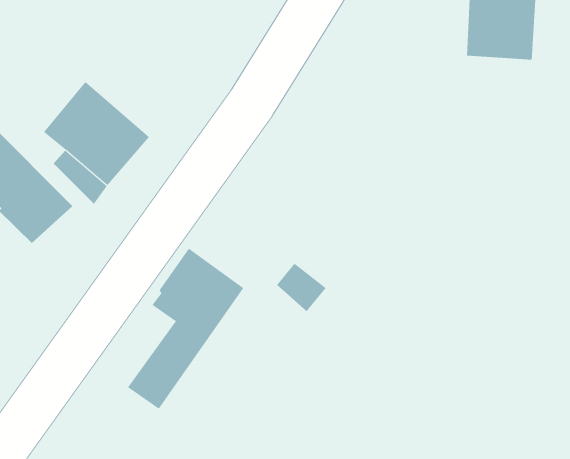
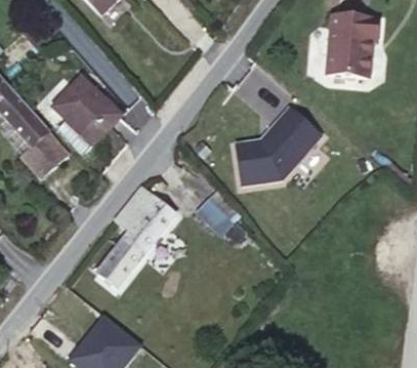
building: none -> [231,109,319,188]

